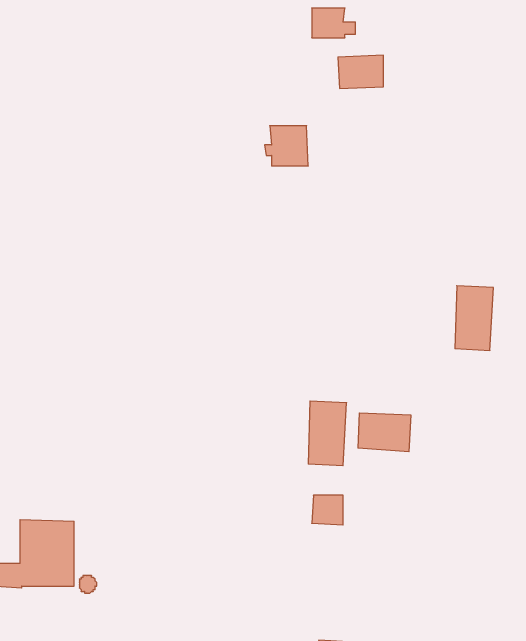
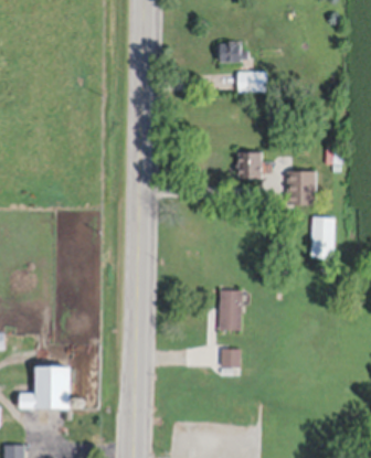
building: [265,126,308,166] -> [234,151,262,177]
building: none -> [286,170,316,204]
building: [358,413,411,452] -> none

